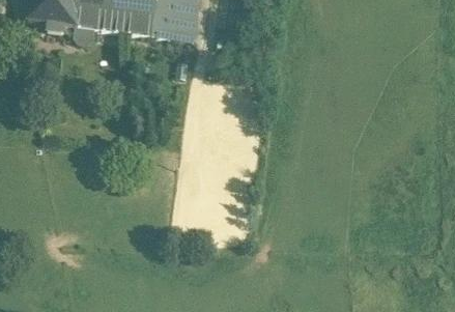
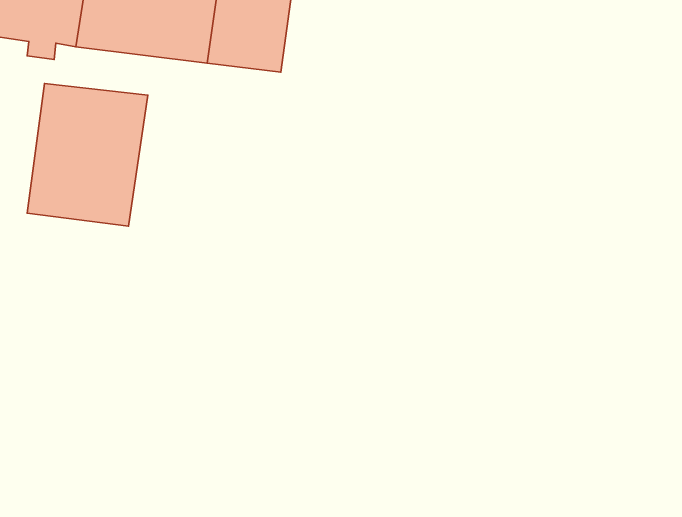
building: none -> [27,83,148,226]

